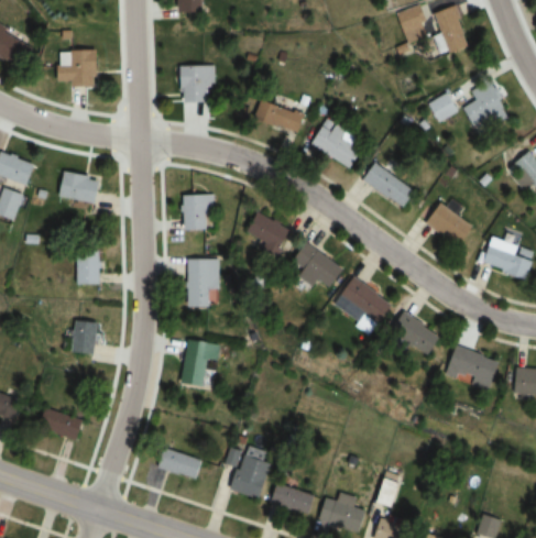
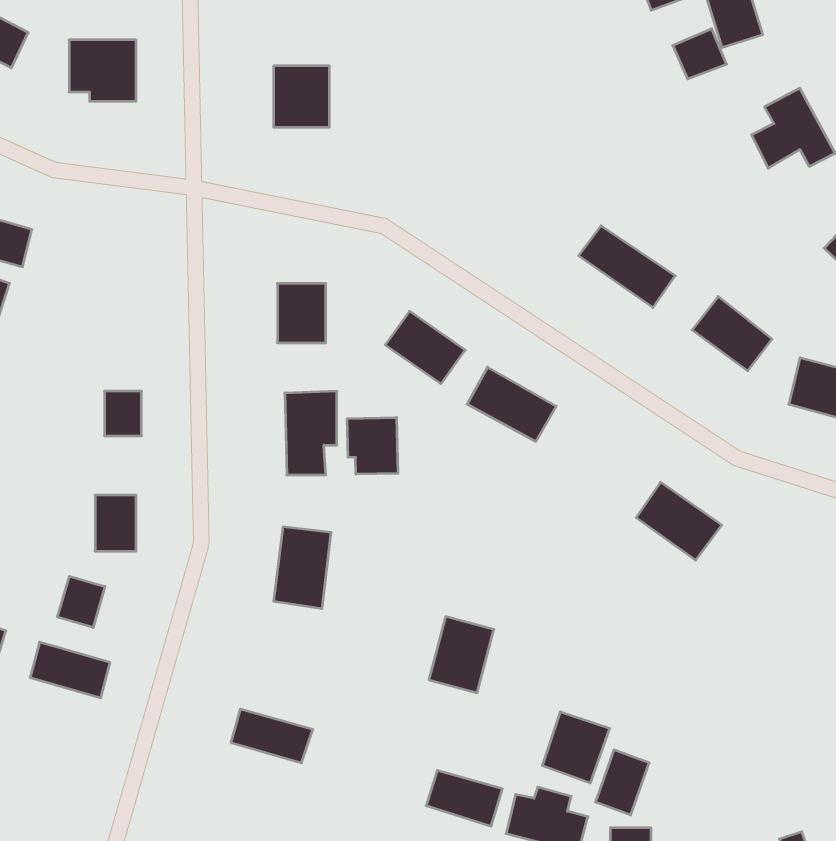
building: [426,92,458,122] -> [673,29,727,79]
building: [252,99,304,134] -> none
building: [309,118,362,168] -> none
building: [59,172,102,202] -> none
building: none -> [347,417,398,474]
building: [338,277,395,322] -> none
building: [450,348,502,391] -> none
building: none -> [58,576,105,628]
building: none -> [542,712,610,783]
building: [232,453,271,498] -> [429,617,494,693]

